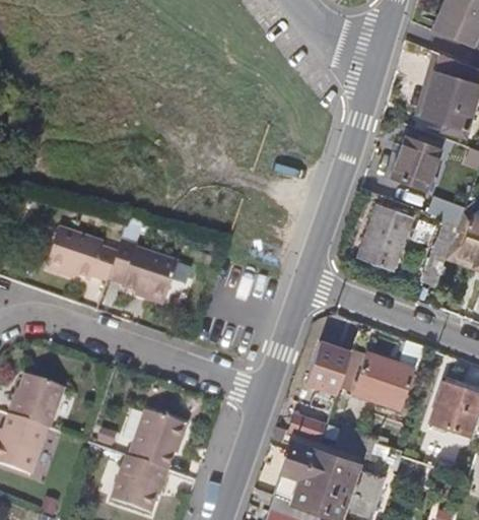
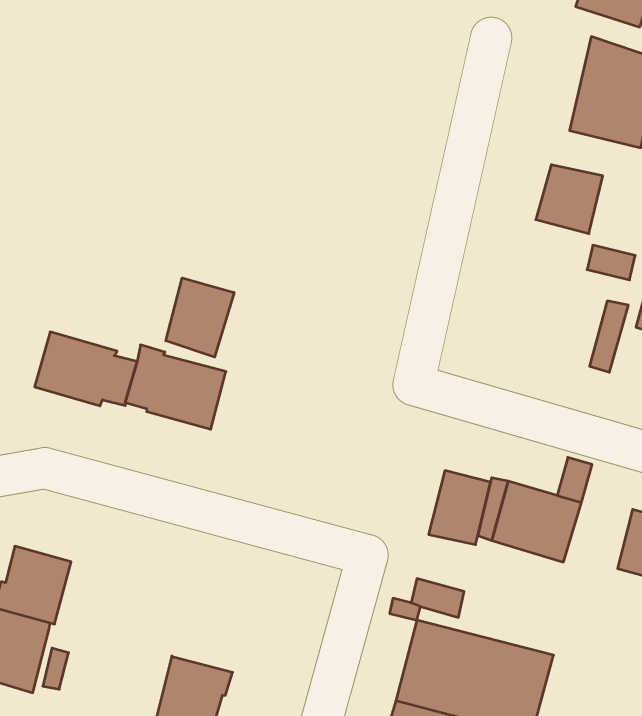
building: none -> [166,278,234,357]
building: [360,204,413,268] -> none
building: [127,409,185,469] -> none

